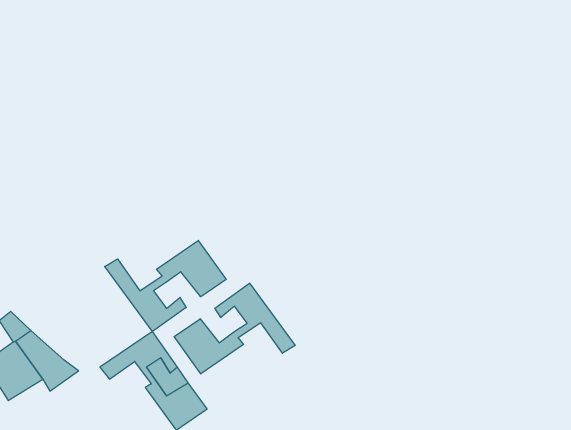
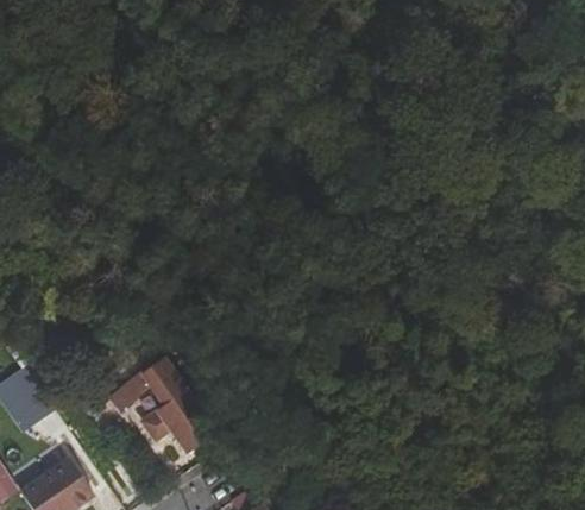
building: [105,240,226,332] -> none
building: [174,283,295,374] -> none

